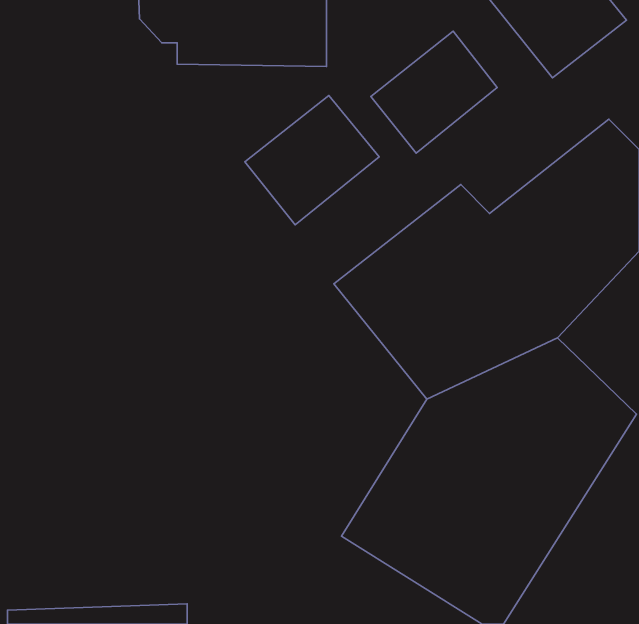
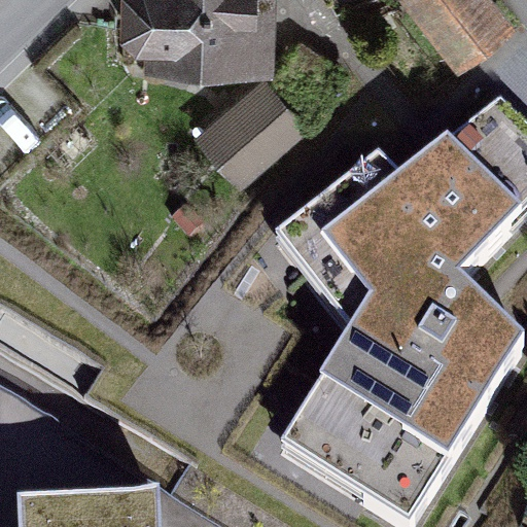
building: [371,31,497,153] -> none

